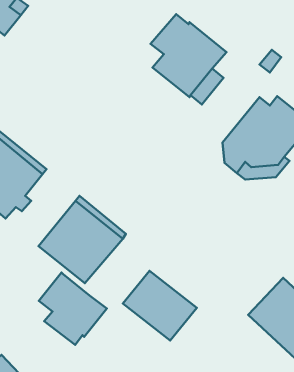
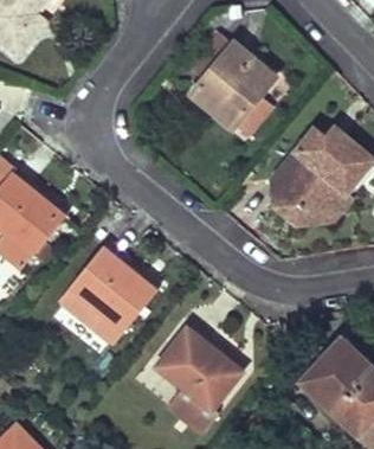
building: [39,273,107,345] -> none

